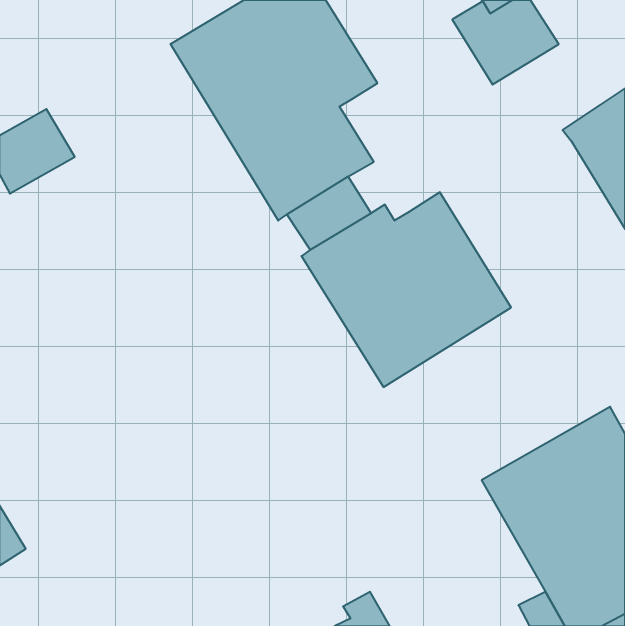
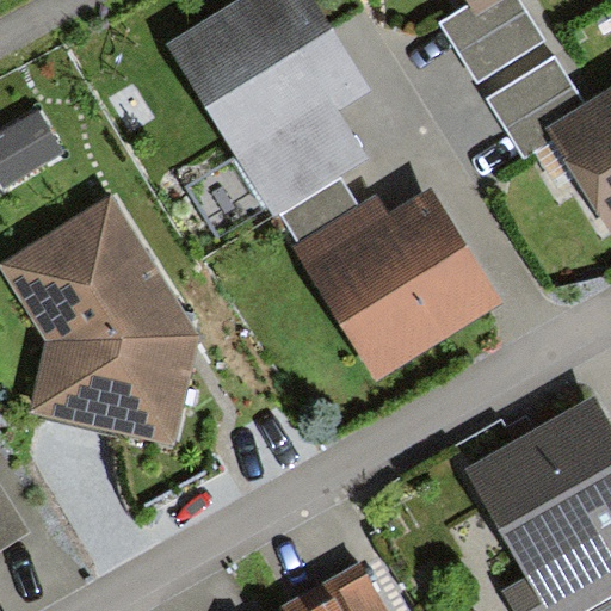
building: none -> [488,55,584,156]
building: none -> [13,210,187,426]

